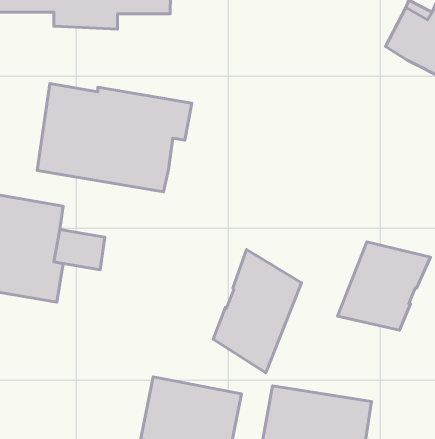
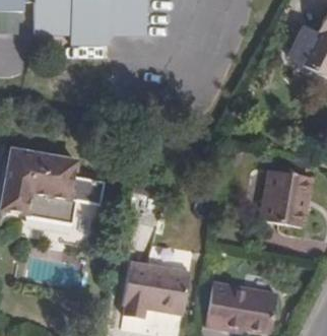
building: [37,83,192,192] -> none
building: [213,250,301,373] -> none

